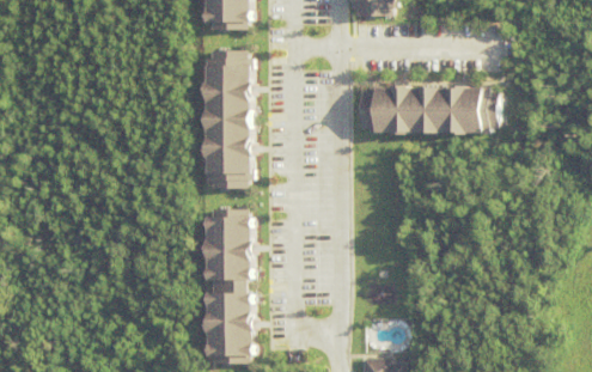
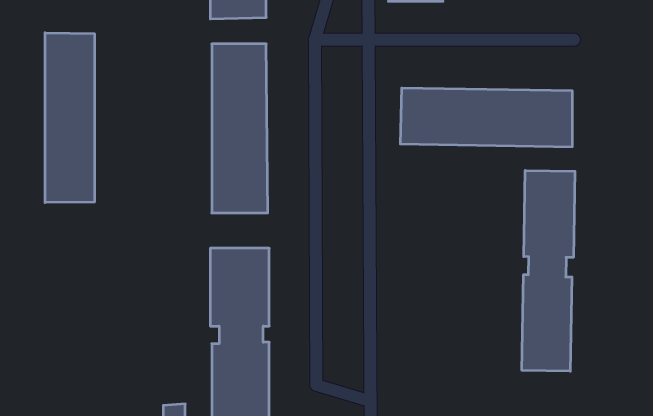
building: none -> [45,33,94,203]
building: none -> [522,170,575,371]

